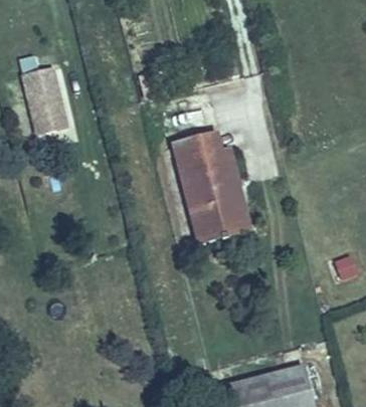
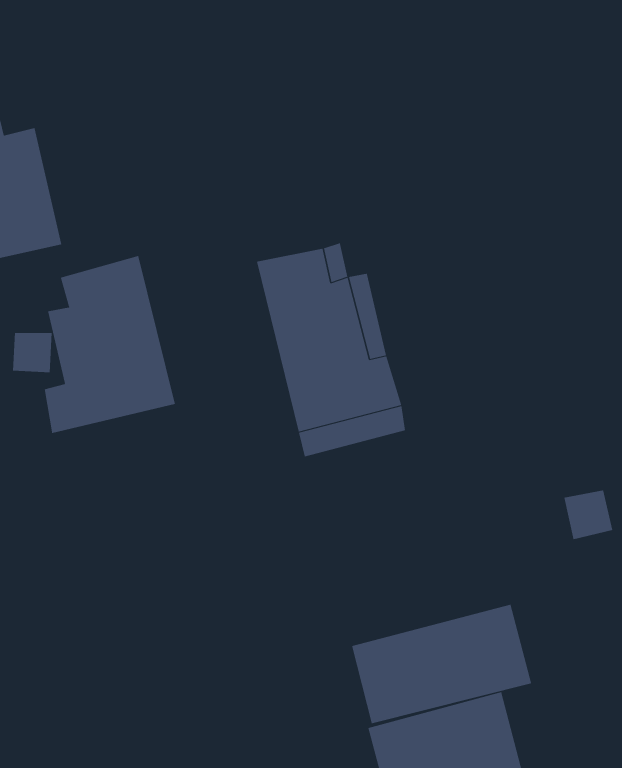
building: none -> [44,255,175,434]
building: none -> [352,604,532,724]

